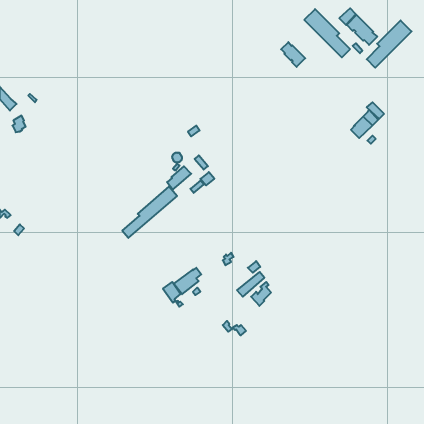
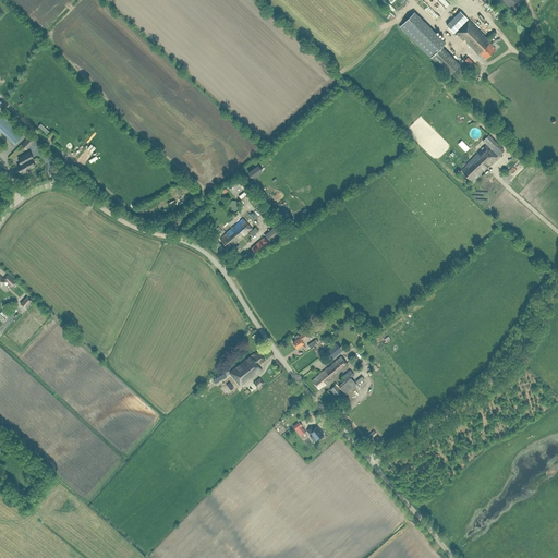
building: [367,20,412,68] -> none
building: [281,42,305,67] -> none
building: [122,187,177,238] -> none

